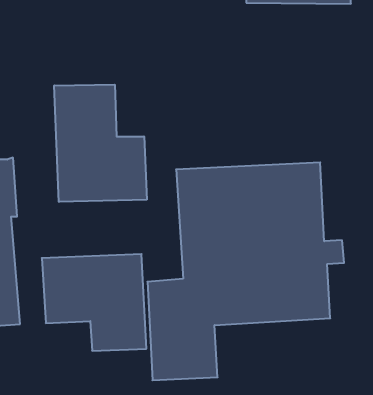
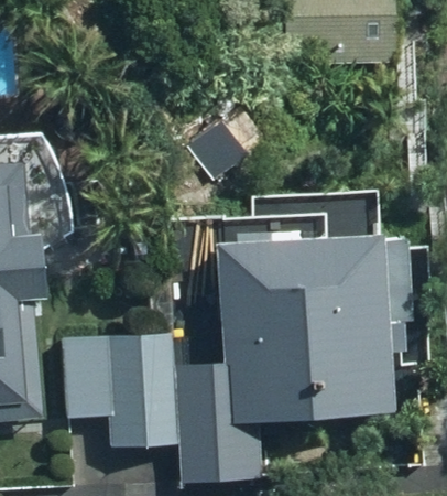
building: [54,85,147,202] -> none

